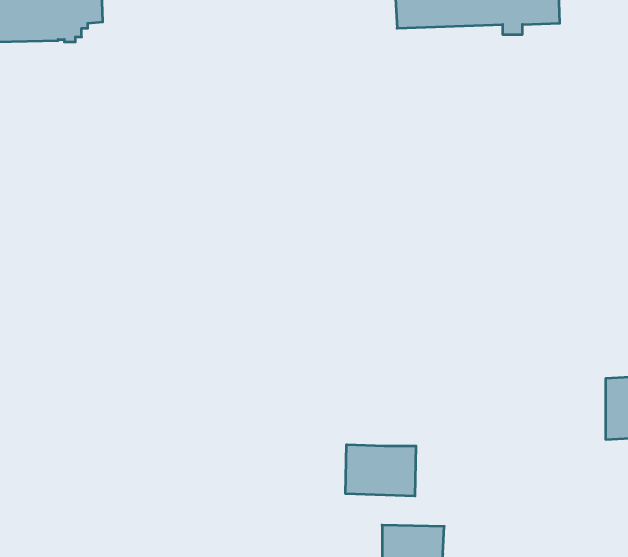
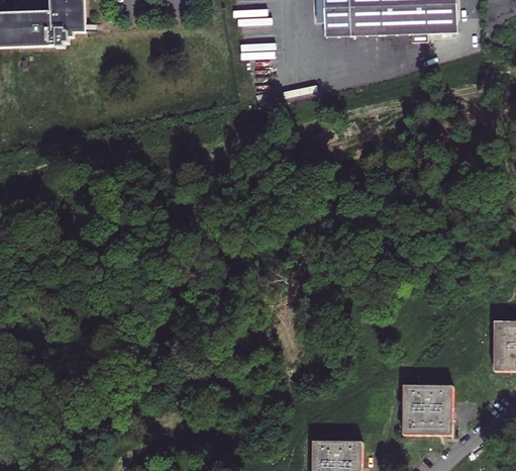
building: [346,445,416,496] -> none
building: none -> [403,384,452,434]

